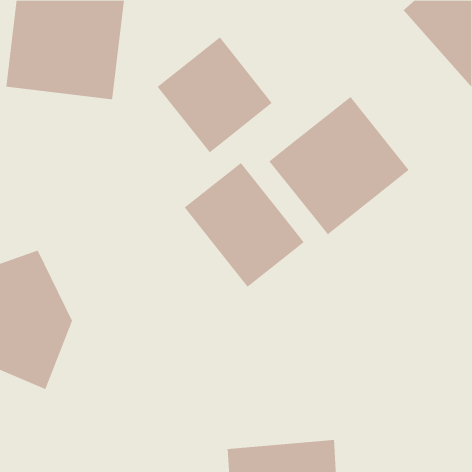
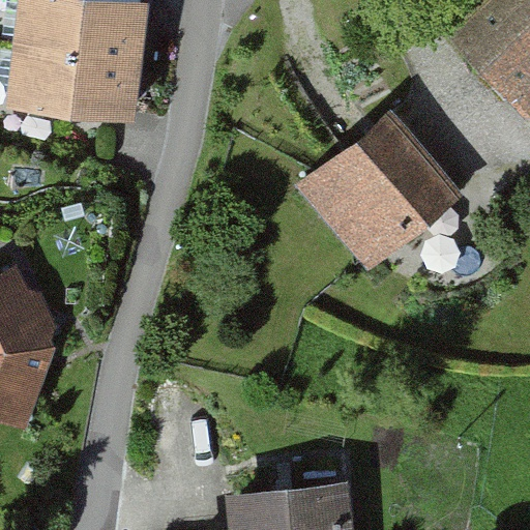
building: [157,37,273,153] -> none
building: [184,162,305,288] -> none

